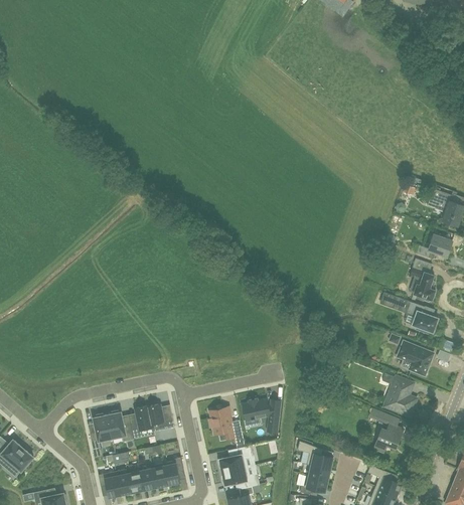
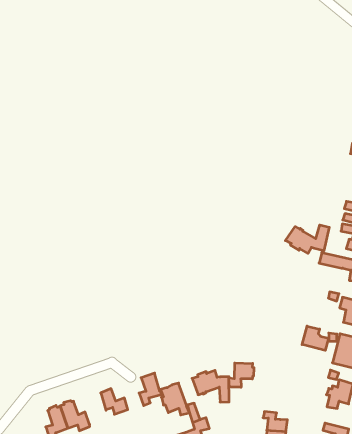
building: none -> [285,225,329,253]
building: none -> [302,326,329,350]
building: none -> [229,363,254,387]
building: [130,406,152,438] -> [139,373,161,406]

